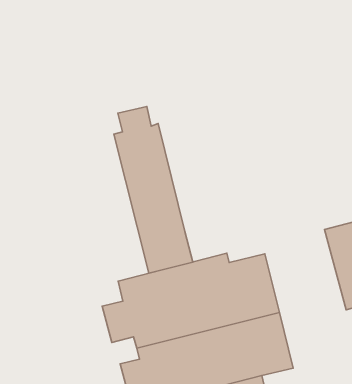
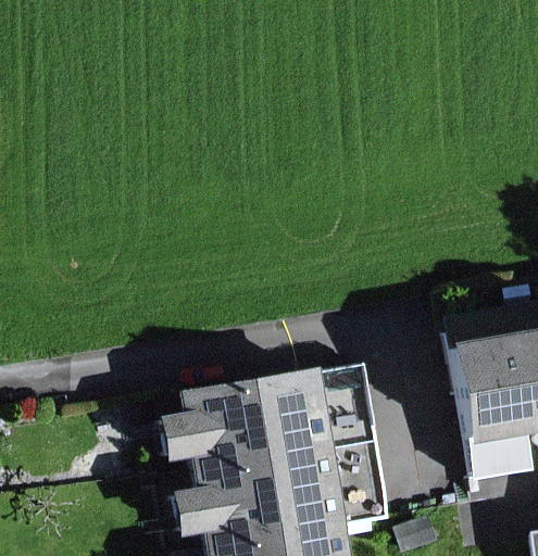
building: [114,106,193,273] -> none

